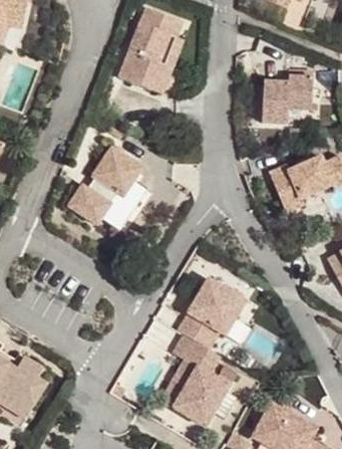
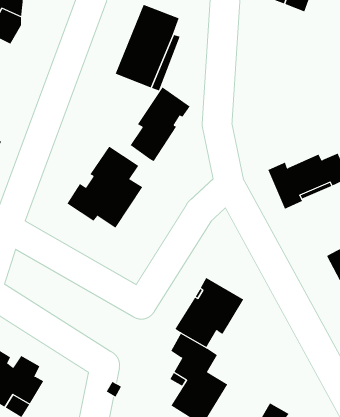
building: [261,75,313,123] -> none
building: none -> [130,87,191,162]

